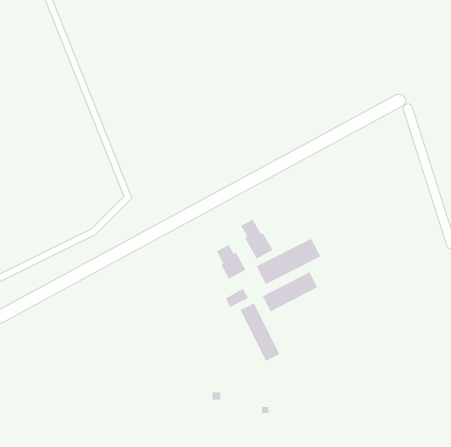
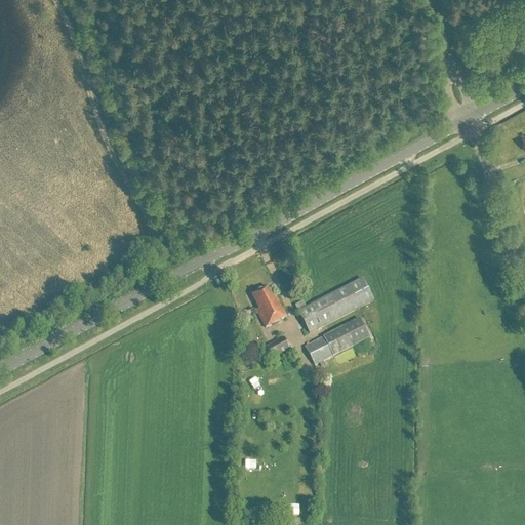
building: [240,219,273,259] -> none
building: [240,303,280,361] -> none

